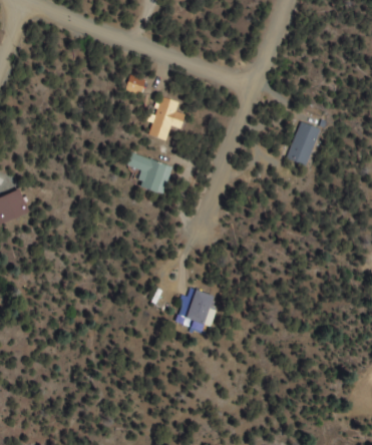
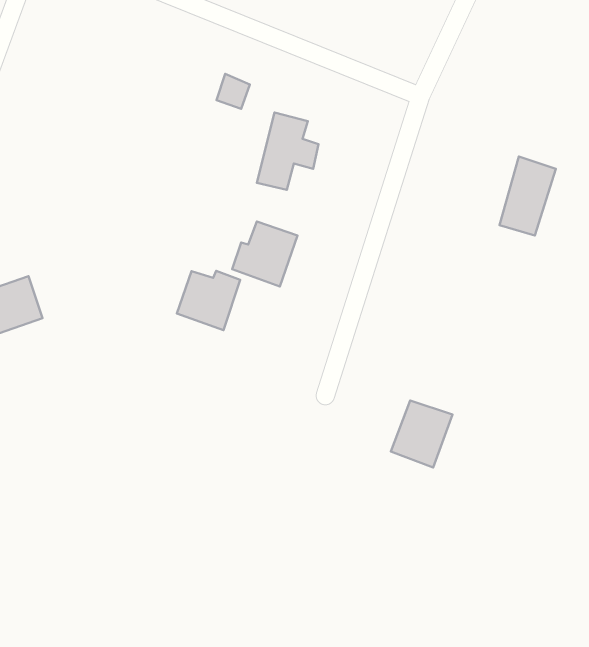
building: none -> [177,271,240,330]
building: [179,289,215,327] -> [391,401,452,467]

